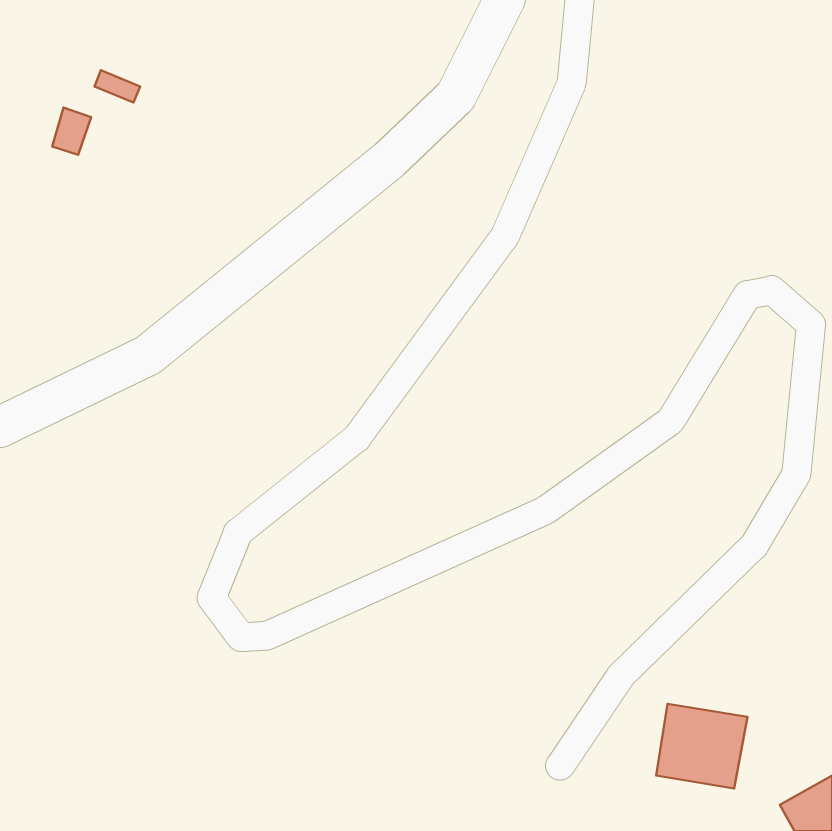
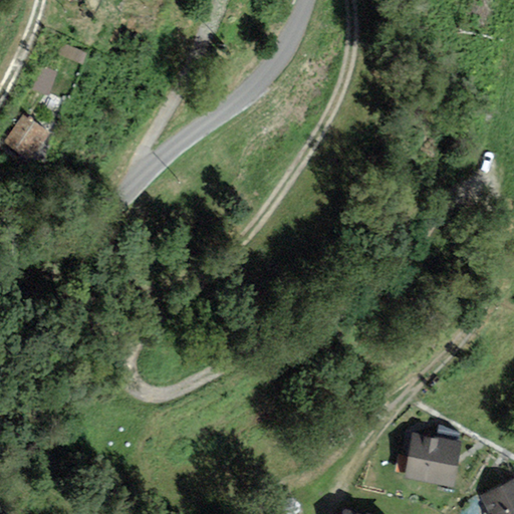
building: none -> [4,114,50,161]

